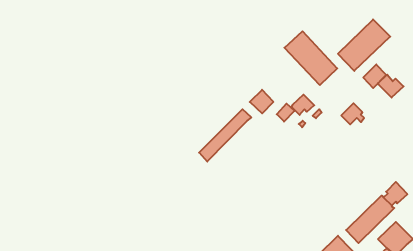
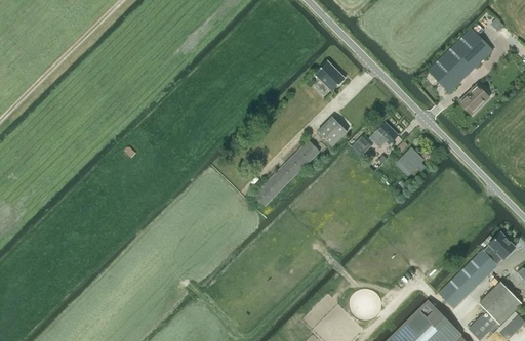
building: [284,31,337,85] -> none
building: none -> [314,61,345,92]
building: [378,75,404,98] -> none
building: [341,103,364,124] -> [396,148,425,175]

